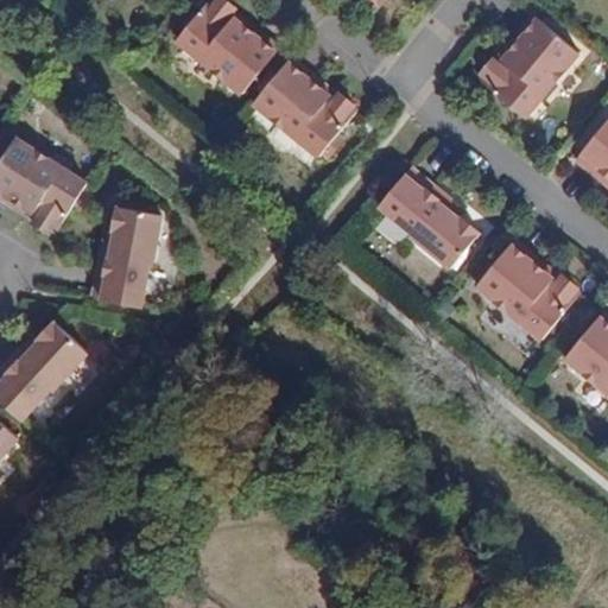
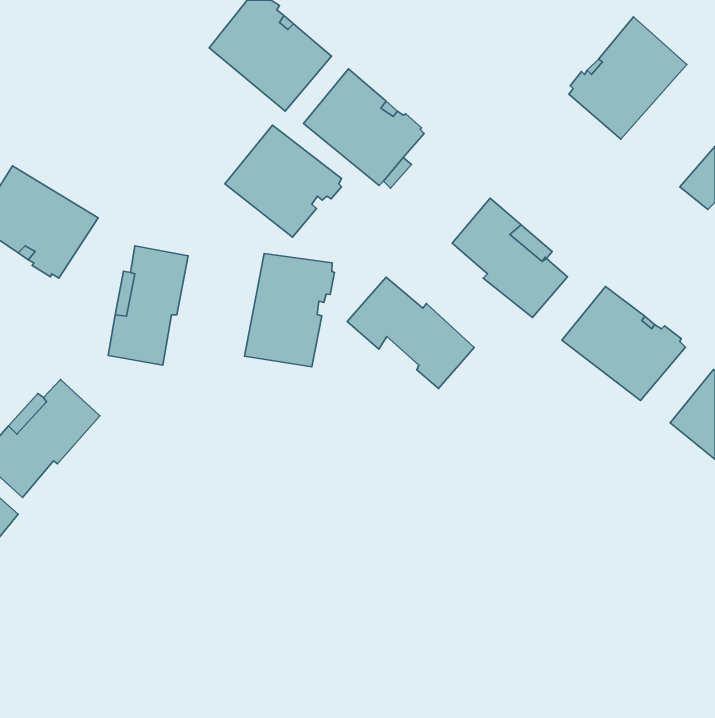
building: none -> [225,125,341,237]
building: none -> [245,253,335,367]
building: none -> [347,277,474,389]

